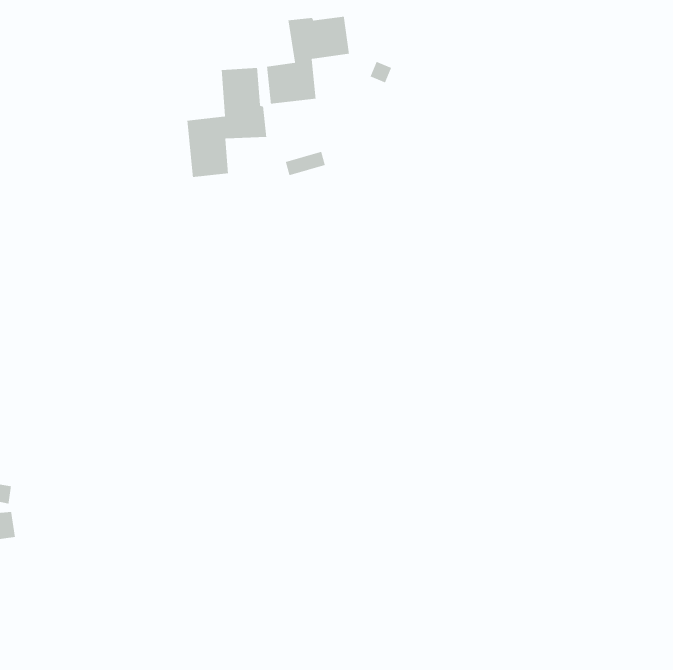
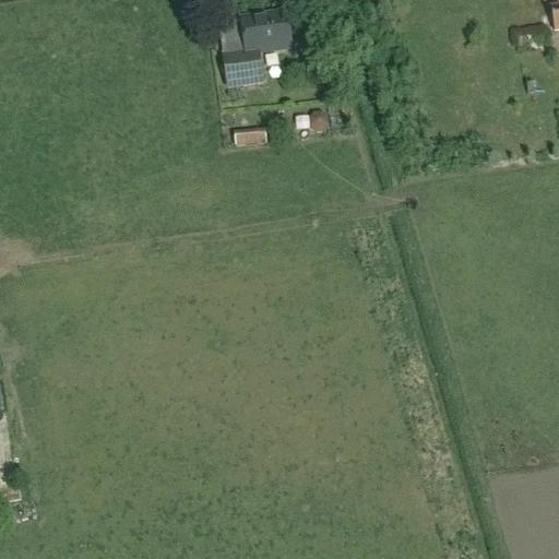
building: [186,67,267,178] -> none

